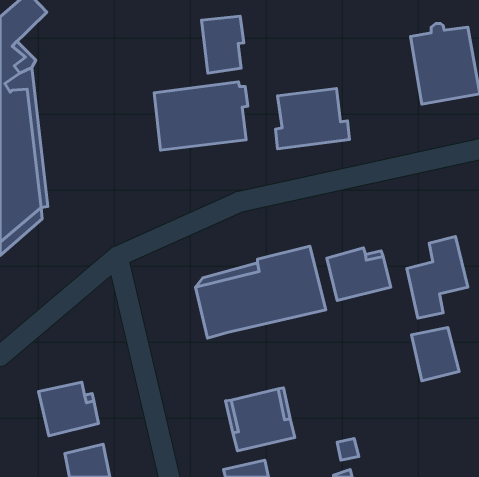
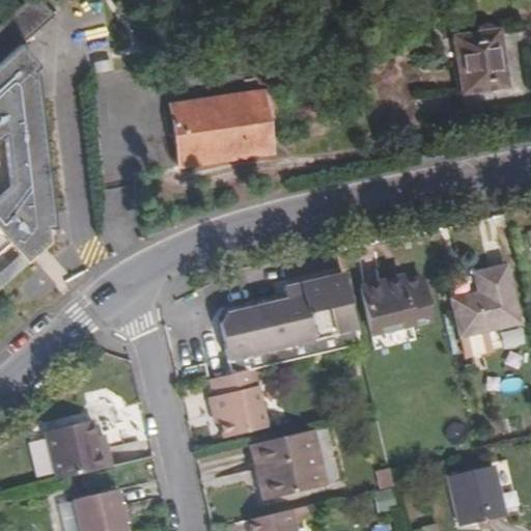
building: [201,16,244,73] -> none
building: [275,89,349,149] -> none
building: [411,327,459,381] -> [453,464,506,523]
building: none -> [206,367,266,437]

